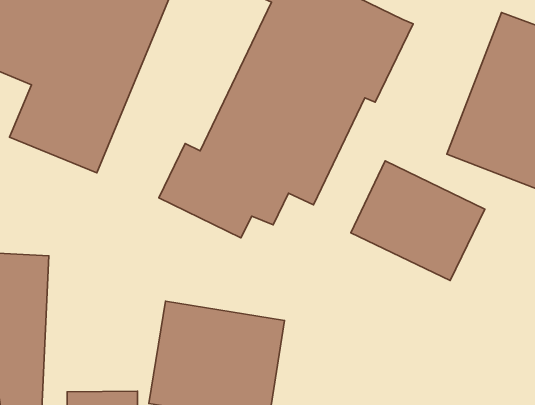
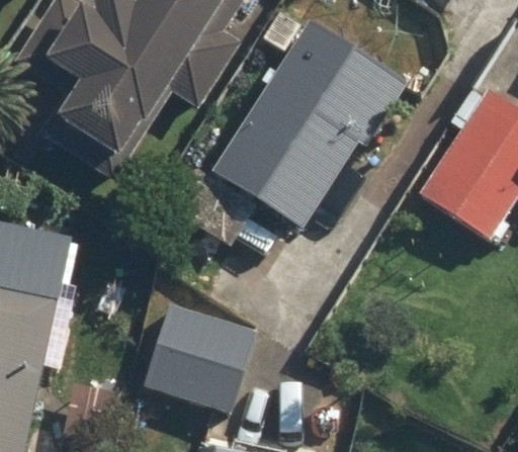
building: [351,161,485,280] -> none

